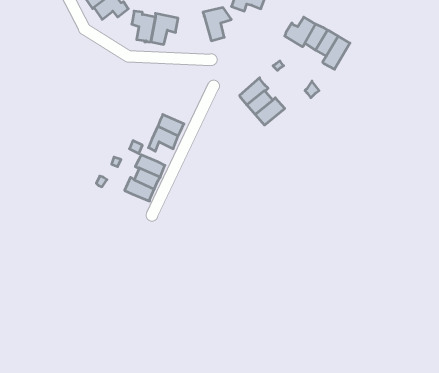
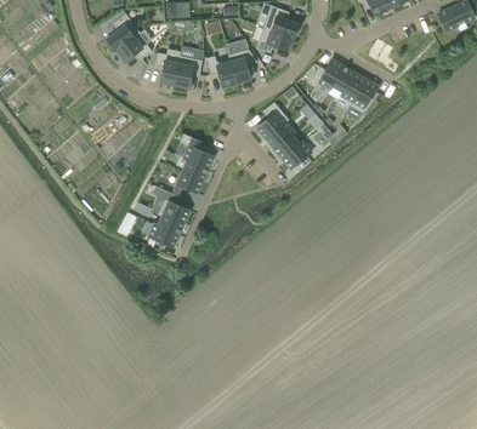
building: none -> [205,55,235,86]
building: none -> [256,101,288,138]
building: none -> [178,132,212,167]

